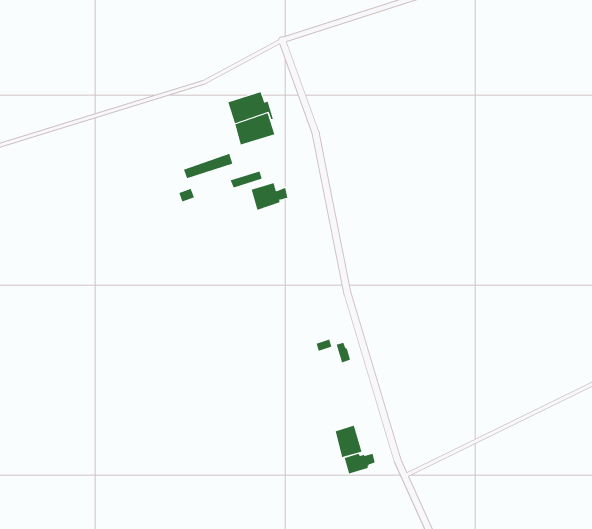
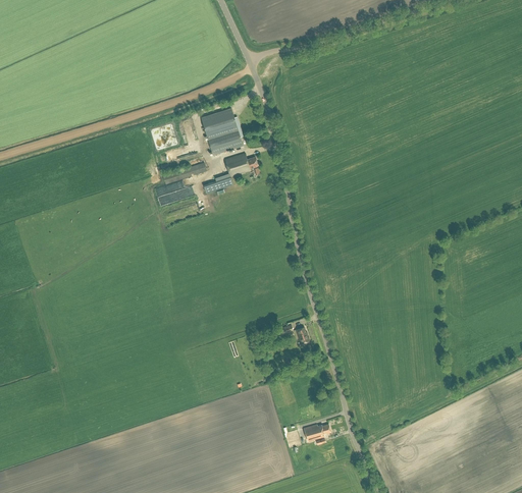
building: [251,183,288,211] -> [224,152,257,176]
building: [335,425,362,458] -> none

